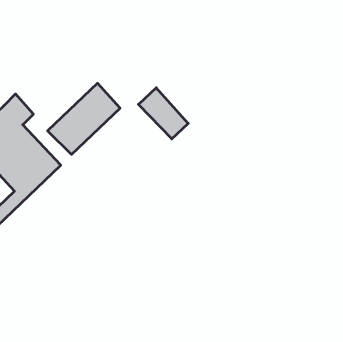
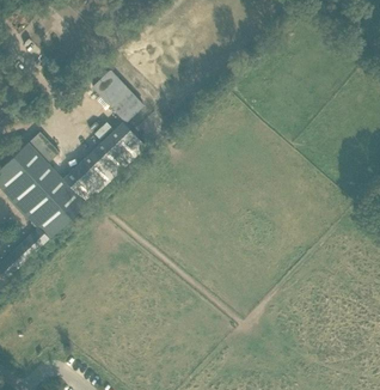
building: [138,88,188,139] -> [92,69,142,121]

